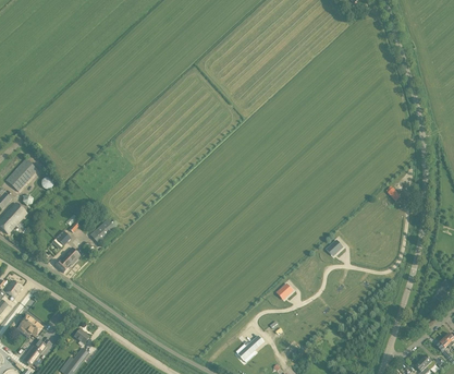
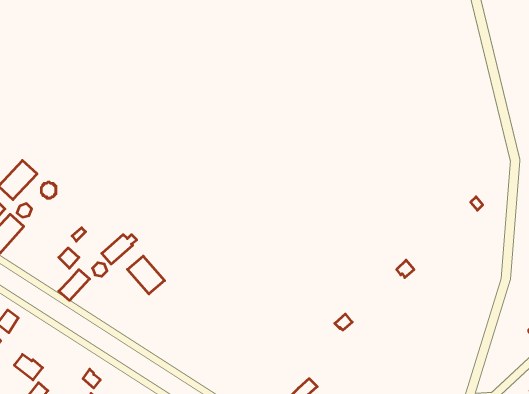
building: none -> [127,256,165,294]

